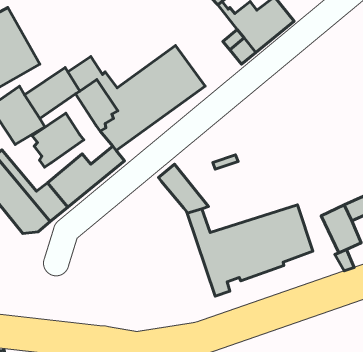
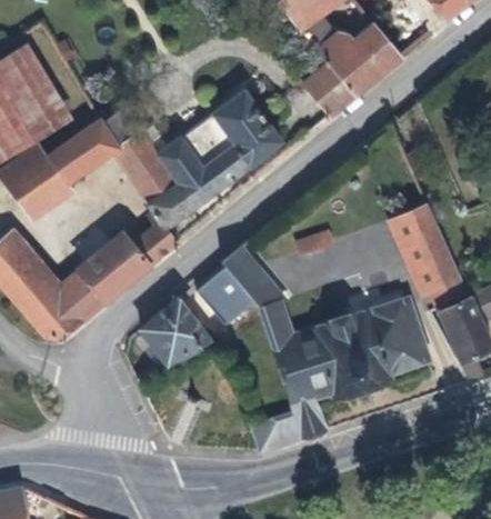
building: [32,113,84,167] -> none
building: none -> [390,204,461,310]
building: none -> [198,268,255,327]
building: none -> [141,299,199,367]

